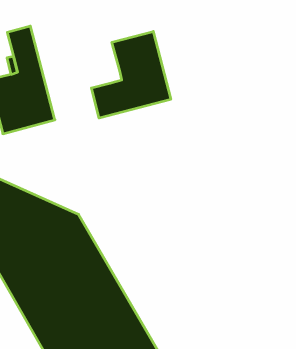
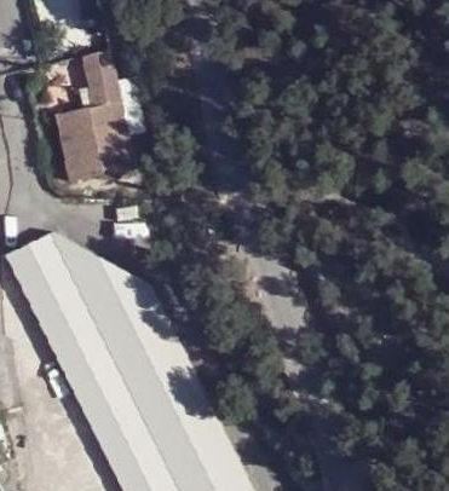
building: [91,31,171,118] -> none

